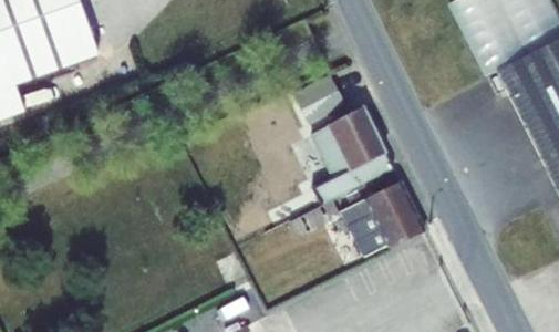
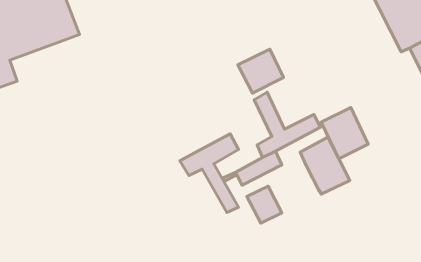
building: [327,107,383,169] -> [321,107,368,159]
building: none -> [180,134,239,213]
building: [348,212,390,257] -> [247,186,282,223]

